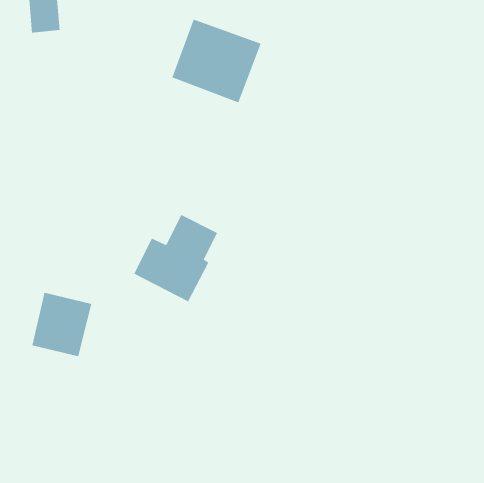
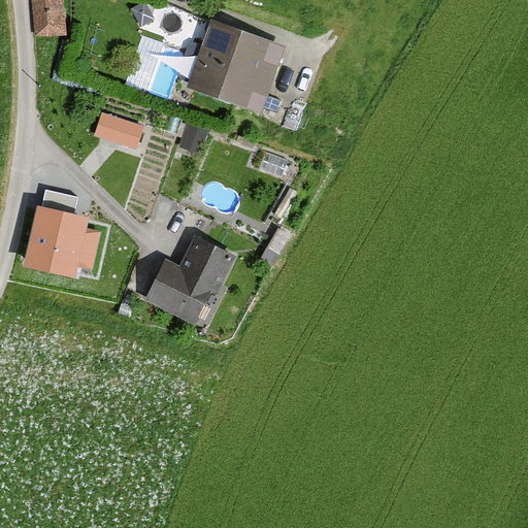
building: none -> [95,112,145,147]
building: [32,292,92,357] -> [24,206,90,276]

